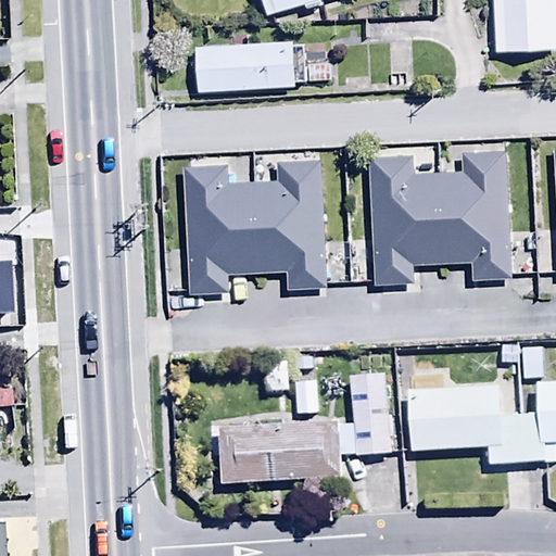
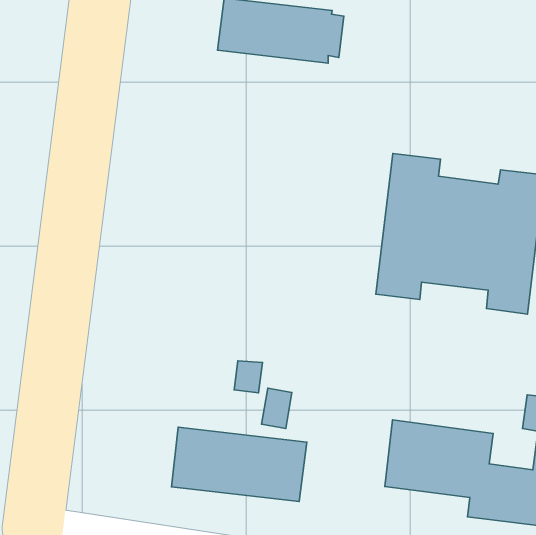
building: [187,160,325,291] -> none
building: [340,370,392,456] -> none

